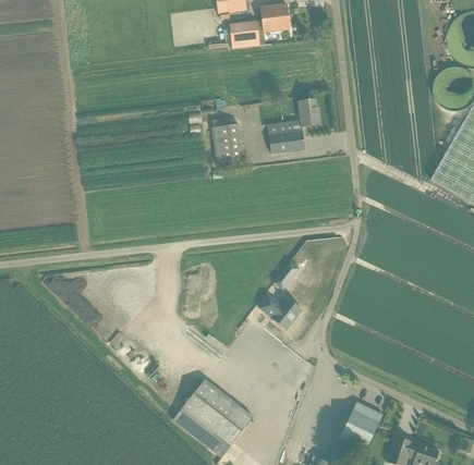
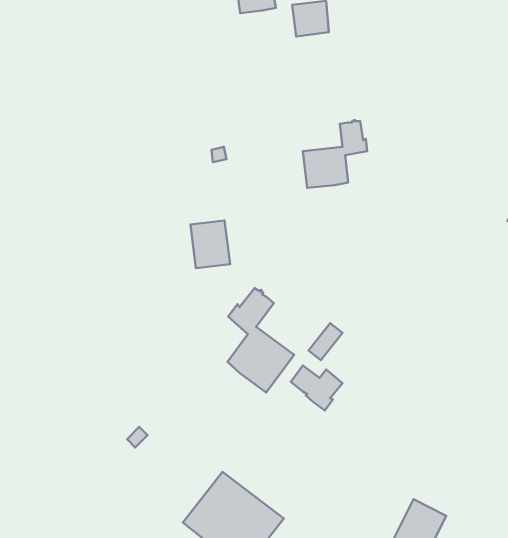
building: [230,20,260,48] -> none
building: [212,123,244,161] -> [191,220,230,268]
building: none -> [227,288,294,392]

